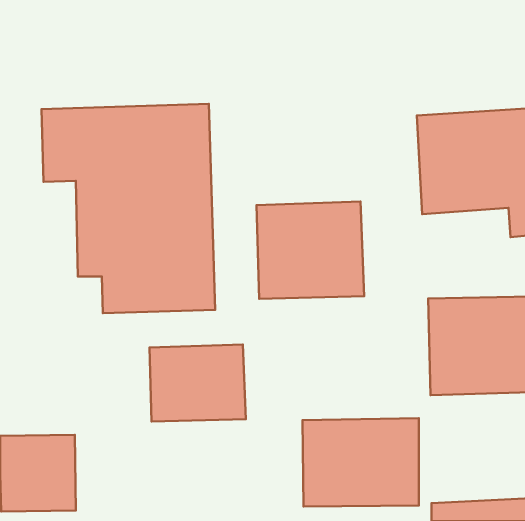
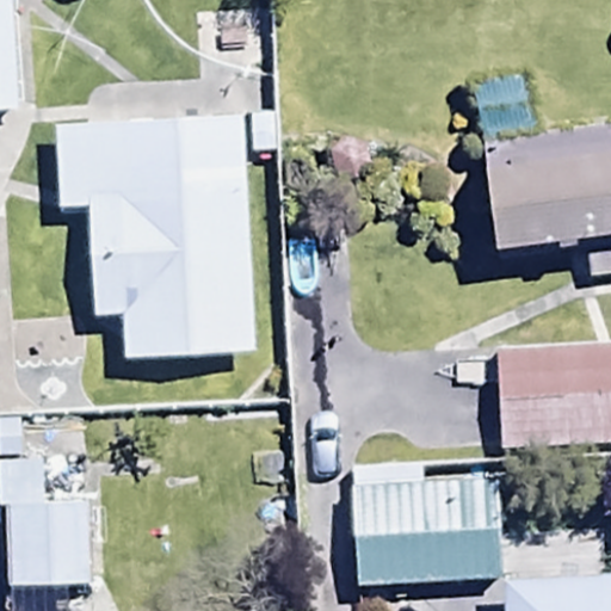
building: [256,202,364,299] -> none
building: [149,344,246,421] -> none

